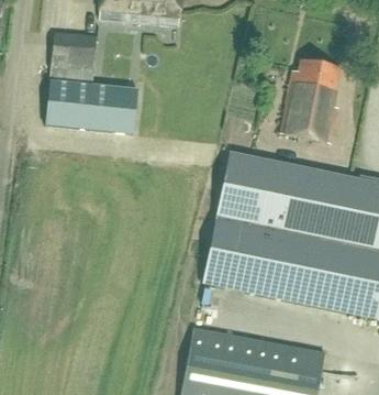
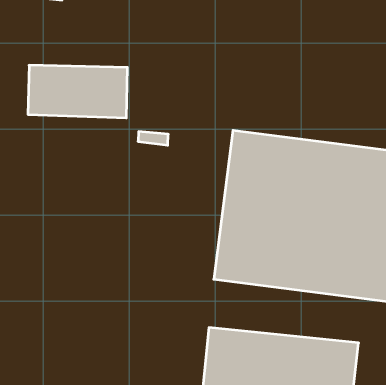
building: [49,32,96,83] -> none
building: [280,58,339,142] -> none

